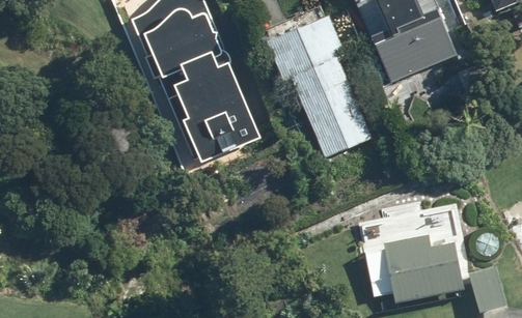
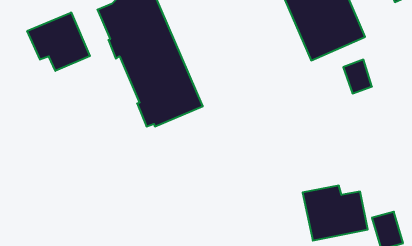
building: [267,13,372,157] -> none
building: none -> [27,12,90,71]

